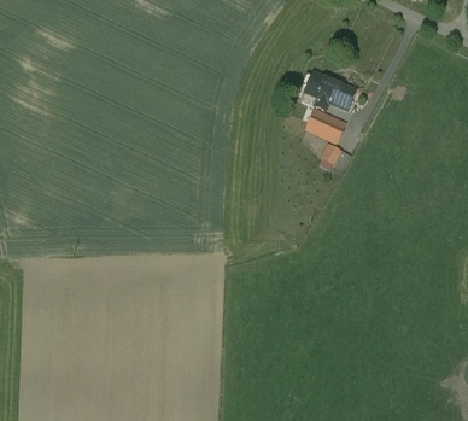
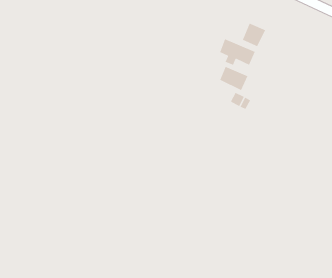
building: none -> [242,23,266,47]

